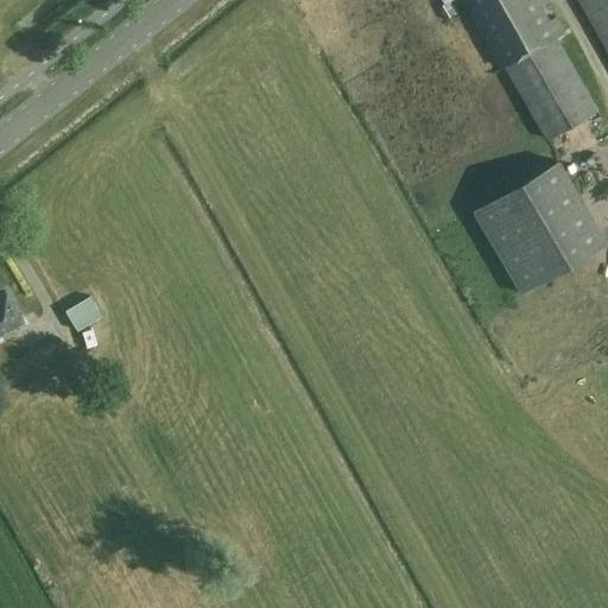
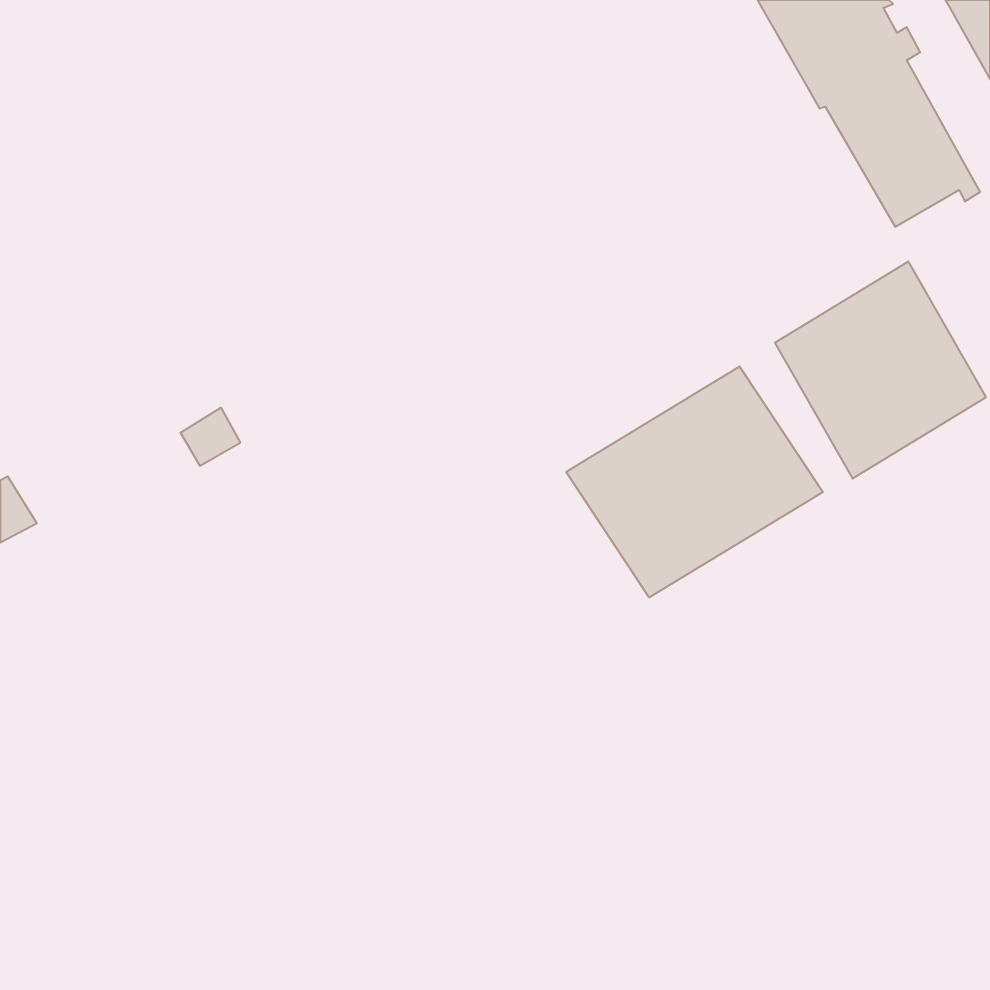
building: none -> [566,366,823,598]
building: [66,294,103,330] -> [180,408,240,466]

